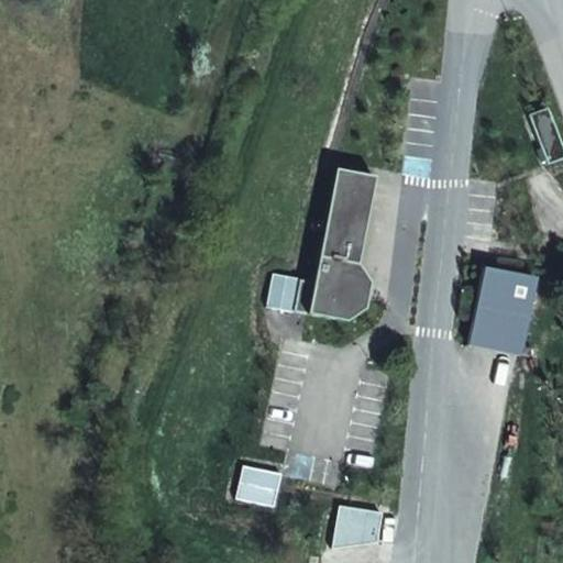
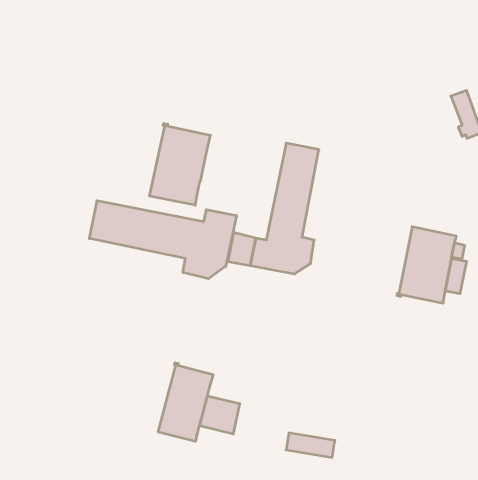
building: none -> [150,123,210,205]
building: none -> [89,201,236,279]
building: none -> [158,363,213,441]

